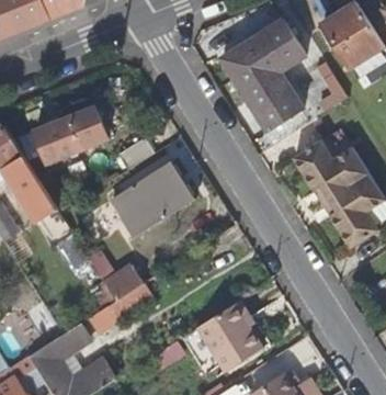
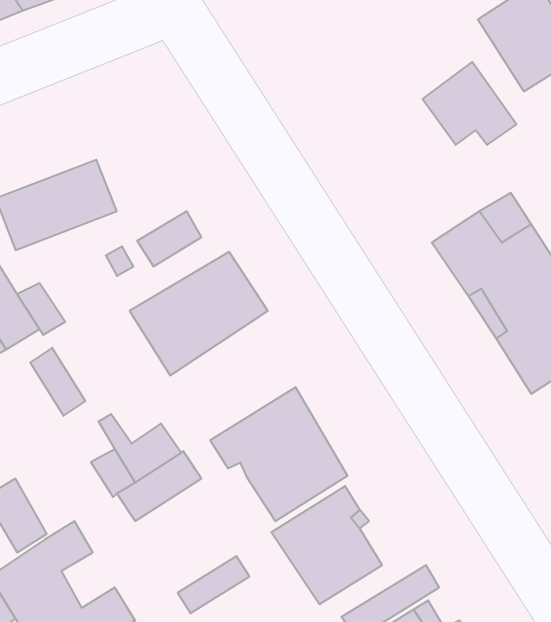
building: [220,19,302,128] -> none
building: none -> [210,387,347,521]

